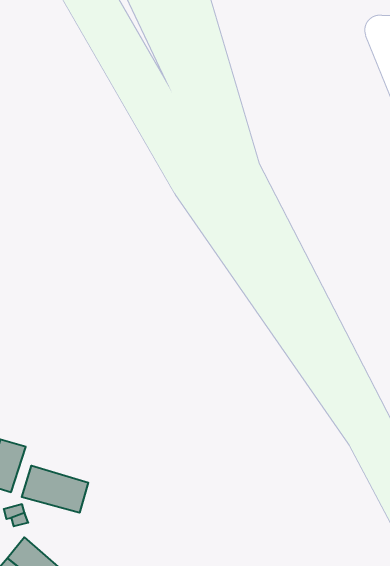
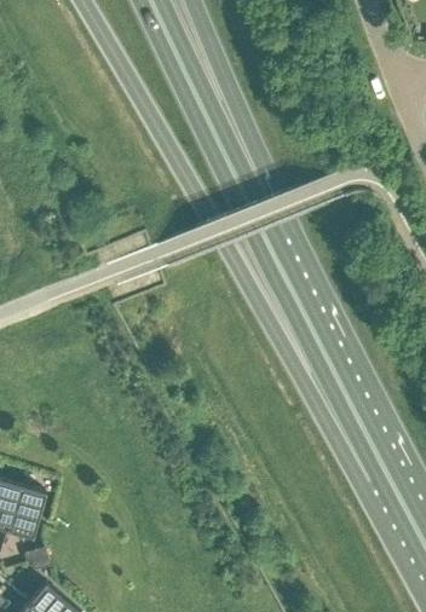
building: [22,466,88,513] -> none

